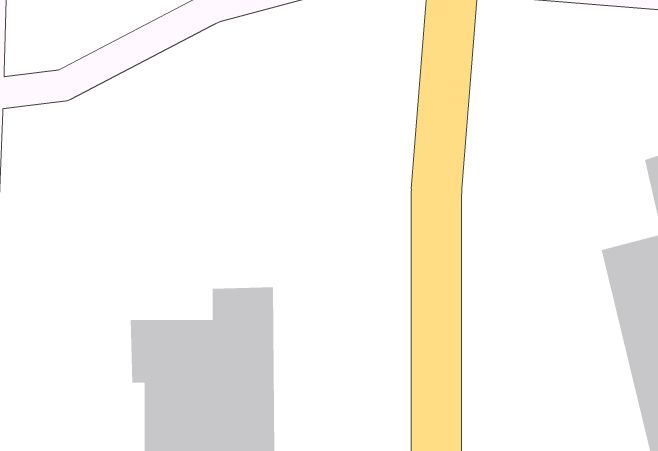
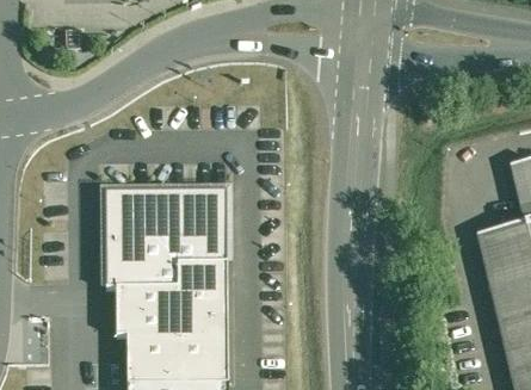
building: none -> [100,187,228,284]

